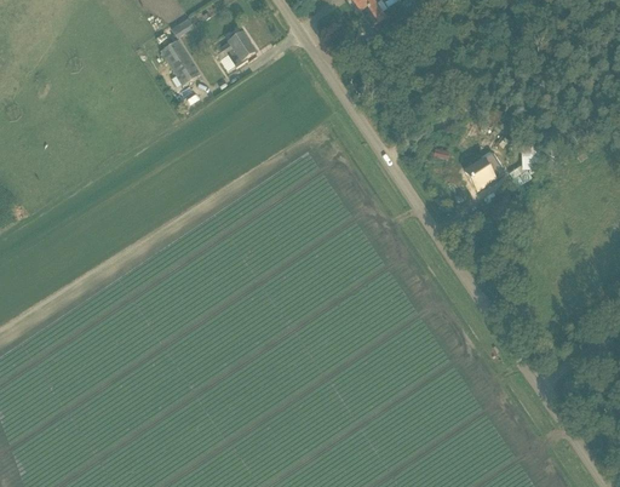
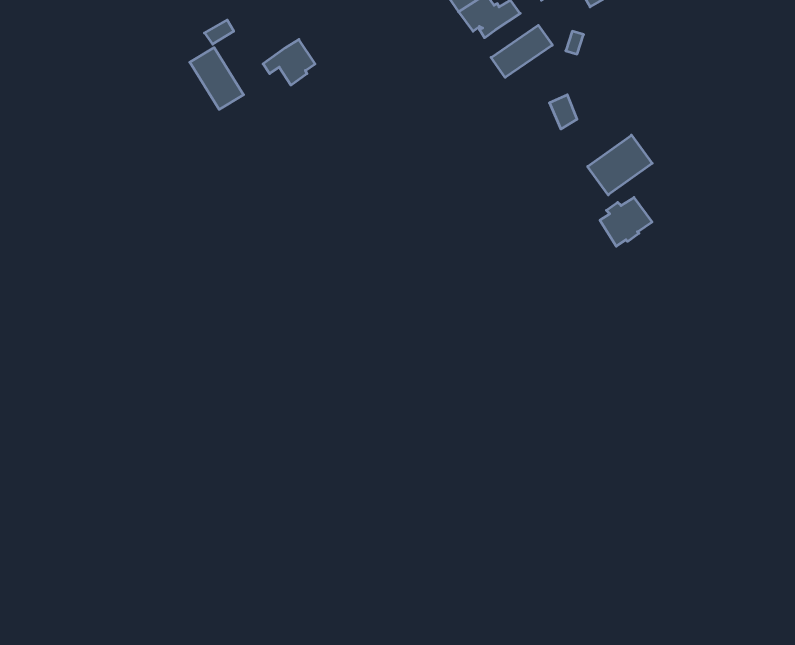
building: none -> [491,25,552,77]
building: none -> [588,135,652,195]

